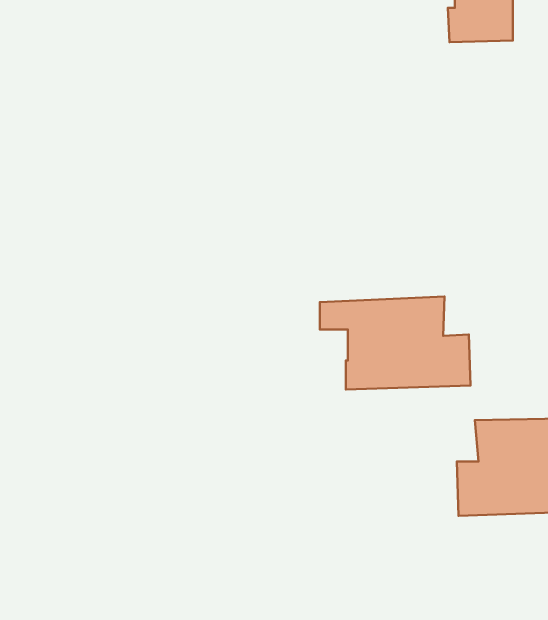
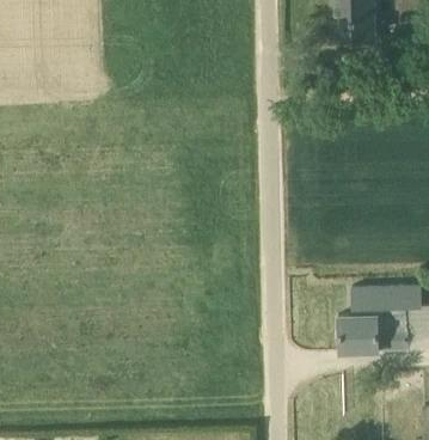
building: [320,297,471,389] -> none

